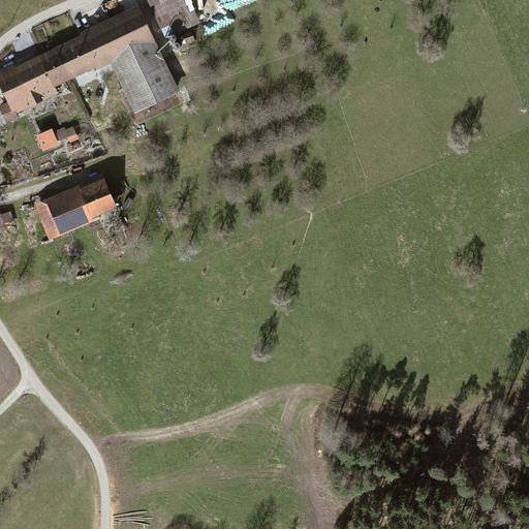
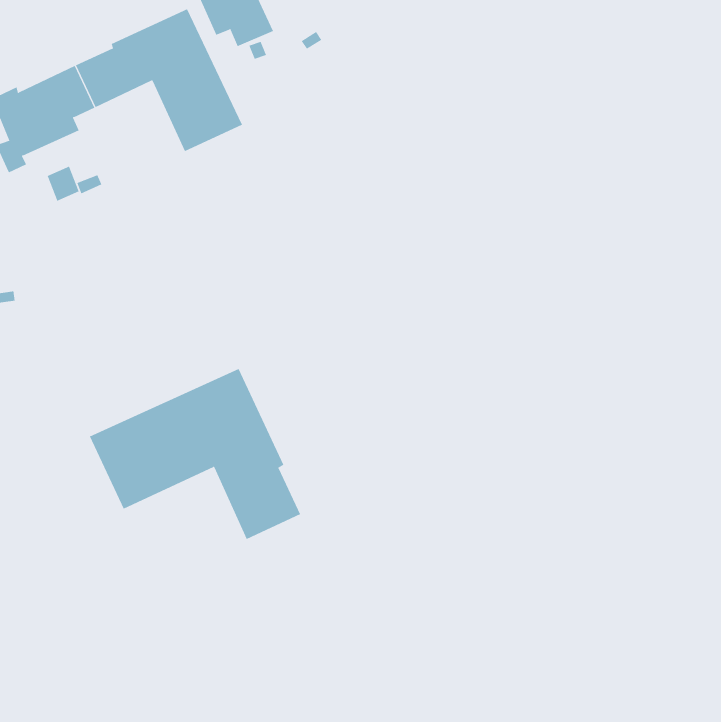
building: [33,173,124,240] -> none
building: none -> [89,368,301,540]

